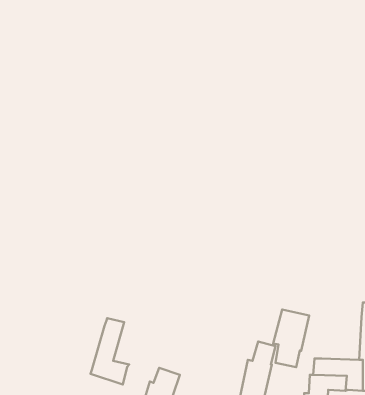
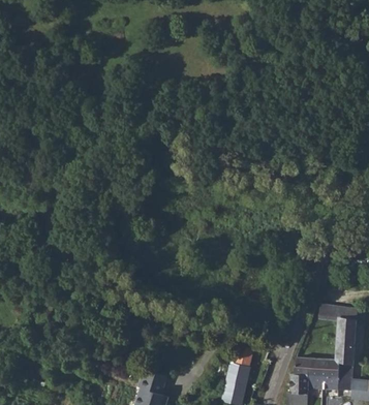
building: [273,309,309,367] -> none
building: [91,318,129,384] -> none

